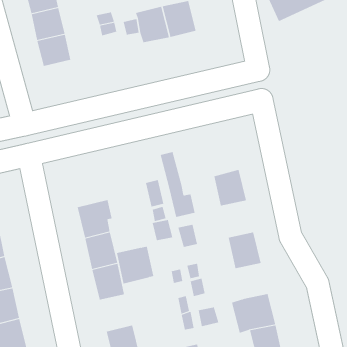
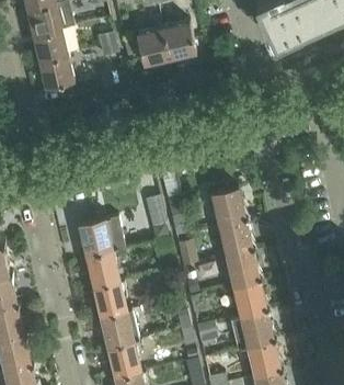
building: none -> [219,220,252,257]
building: [116,246,154,284] -> [101,312,138,349]
building: none -> [233,282,266,317]

